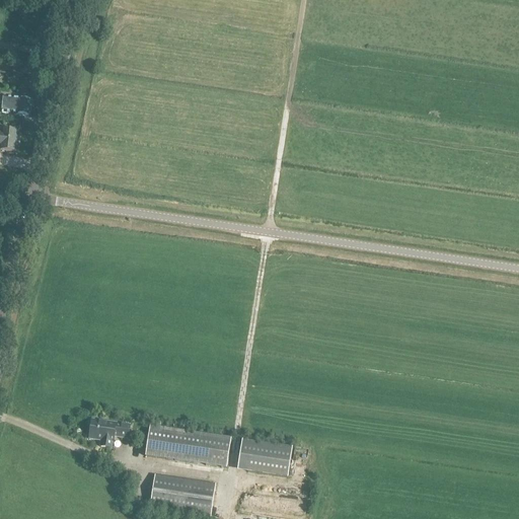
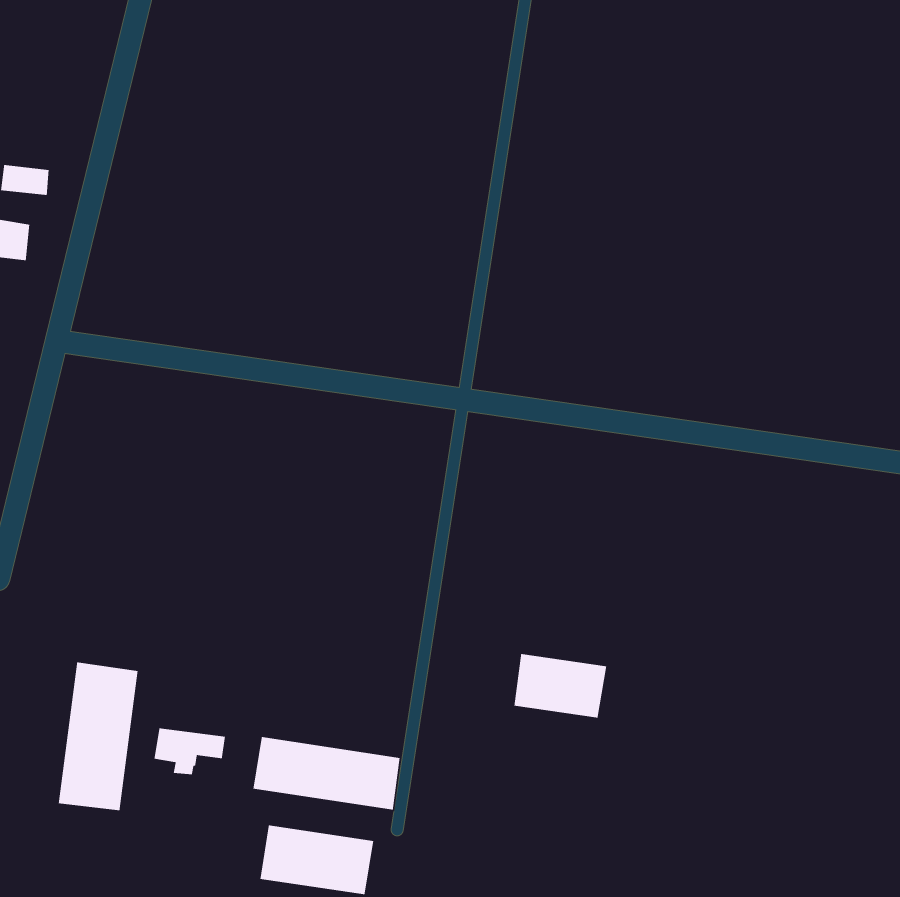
building: none -> [58,662,138,811]
building: [237,438,291,475] -> [513,653,607,719]

